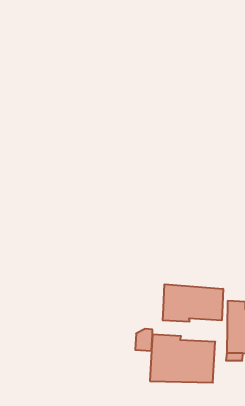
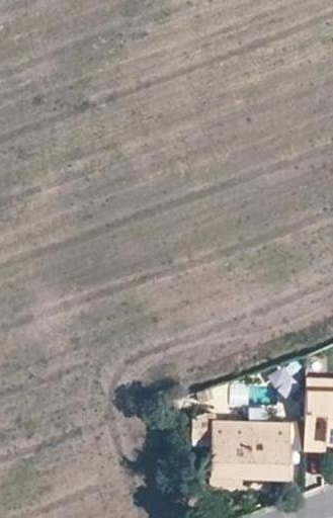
building: [163,284,223,322] -> none

